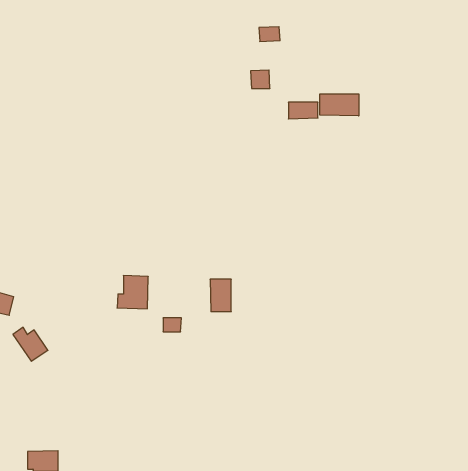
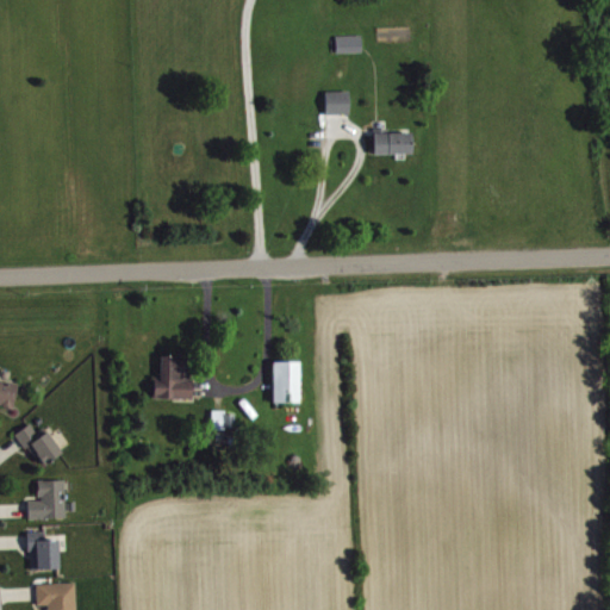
building: [320,94,359,116] -> none
building: none -> [27,479,66,518]
building: none -> [29,531,58,569]

